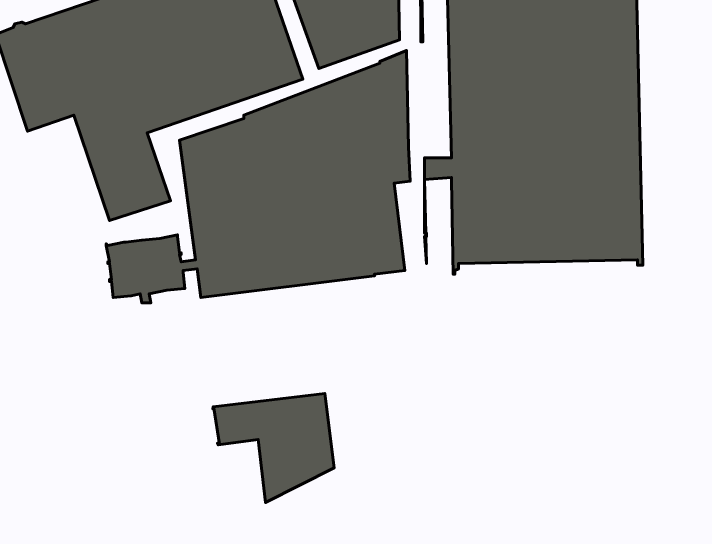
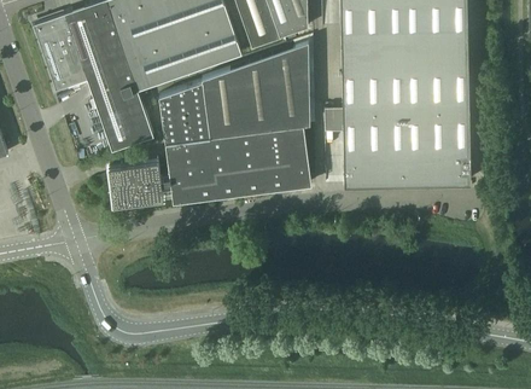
building: [213,394,334,503] -> none

